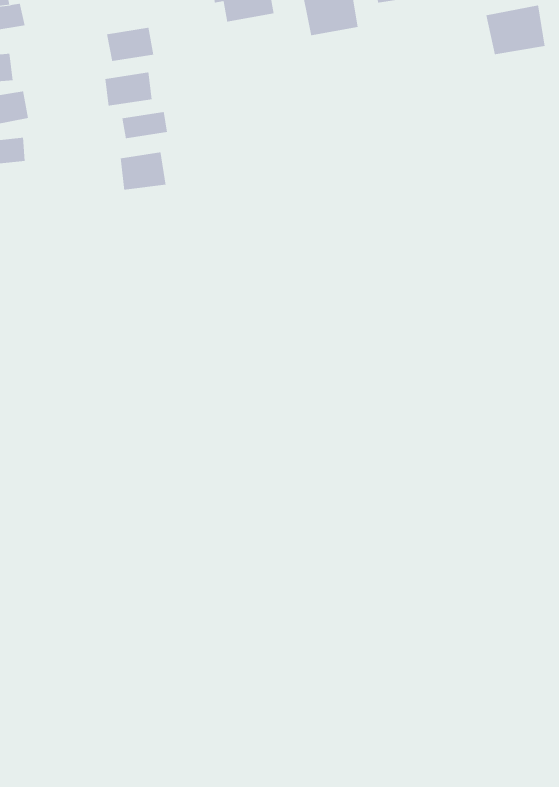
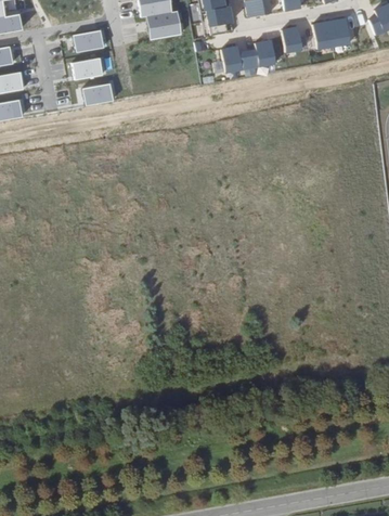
building: none -> [282,26,303,53]
building: none -> [223,38,276,73]
building: [120,151,166,191] -> none

